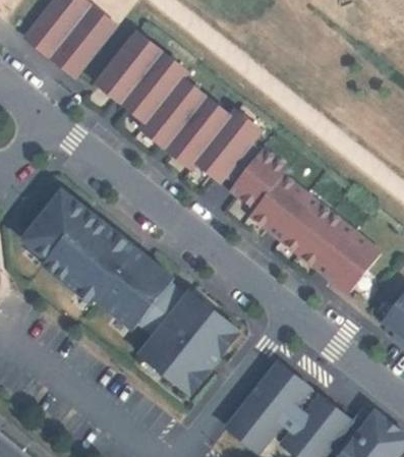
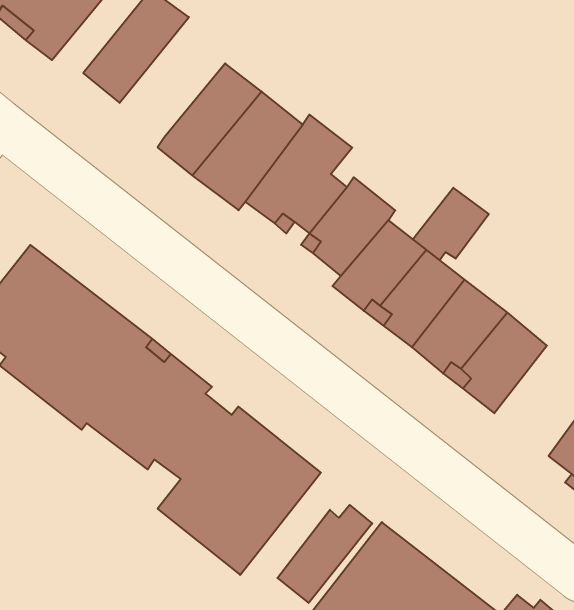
building: [116,49,186,123] -> none
building: none -> [413,188,489,260]
building: none -> [277,505,372,603]

